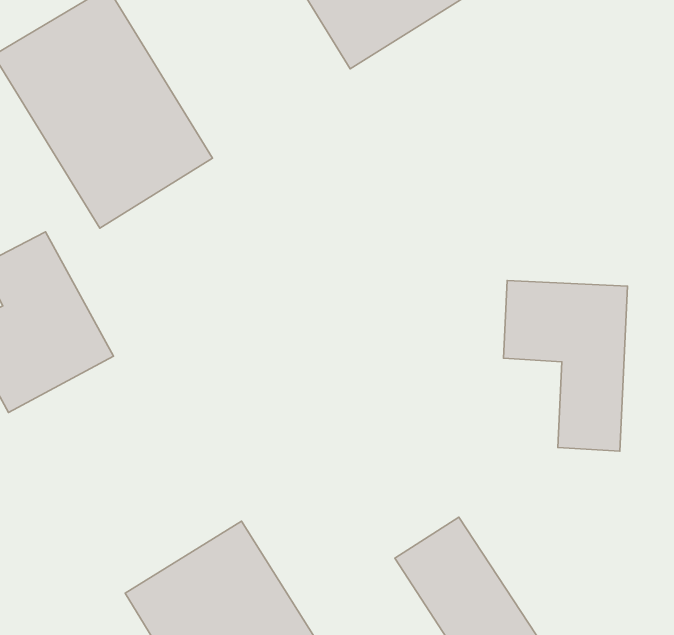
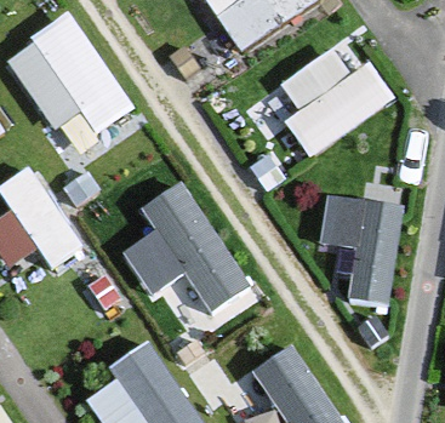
building: none -> [251,40,383,159]
building: none -> [124,181,252,313]

